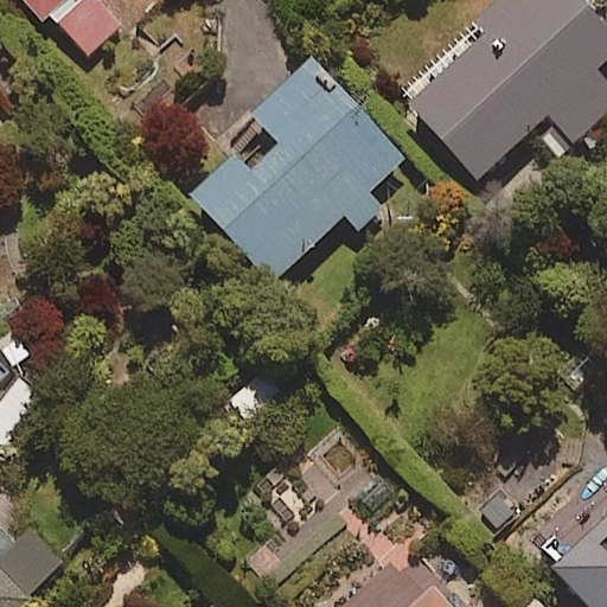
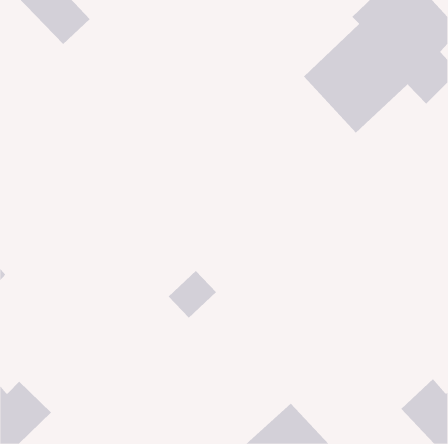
building: [192,60,404,281] -> none

